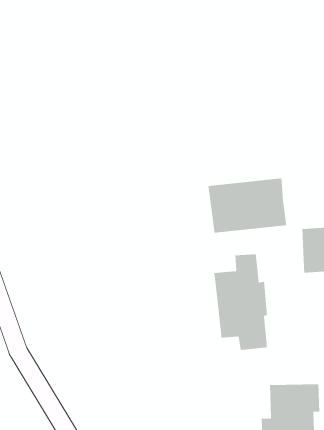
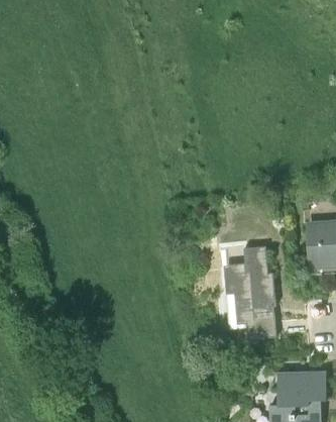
building: [208,178,287,234] -> none

